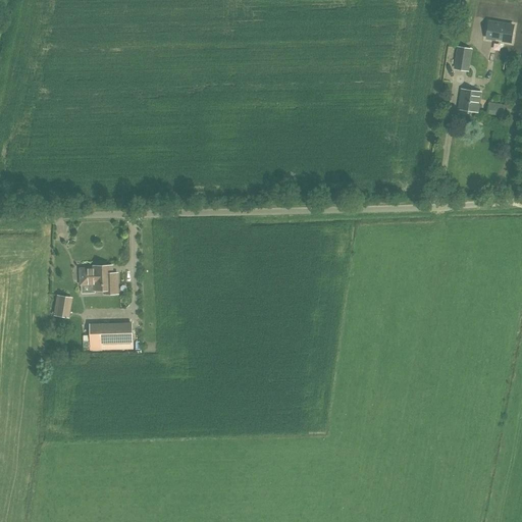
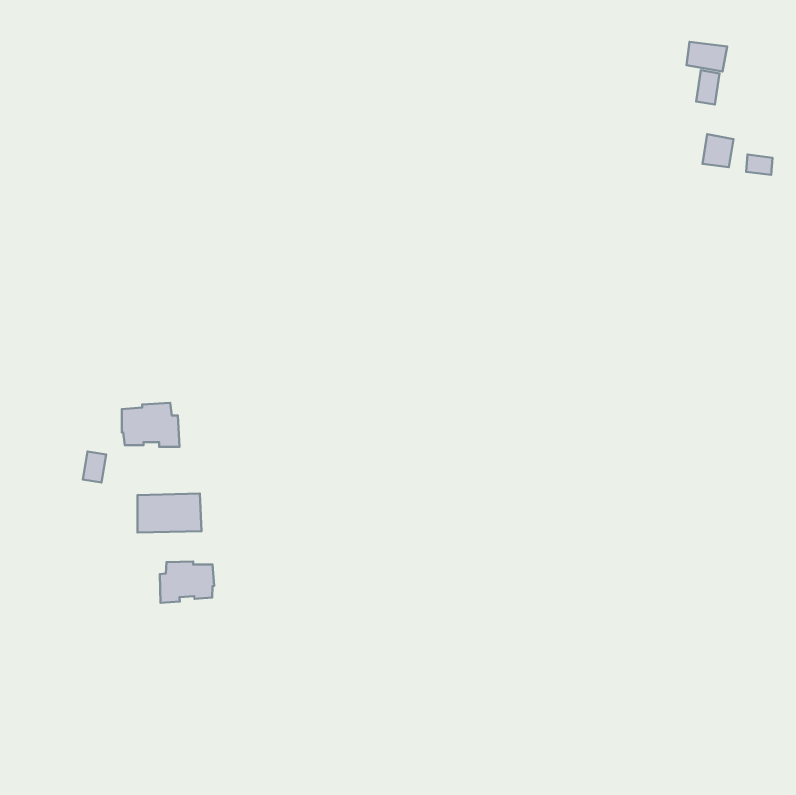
building: [486,20,513,40] -> [687,42,727,71]
building: none -> [160,562,214,603]

